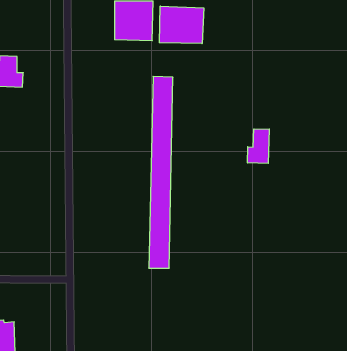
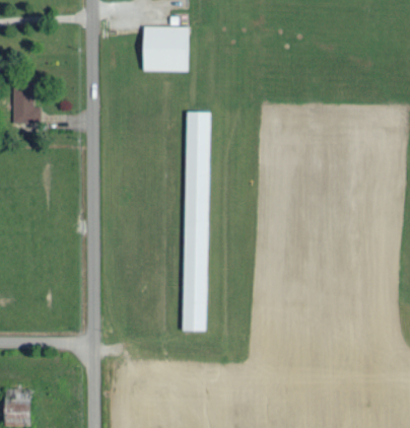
building: [159,6,204,44] -> none
building: [248,129,269,163] -> none

